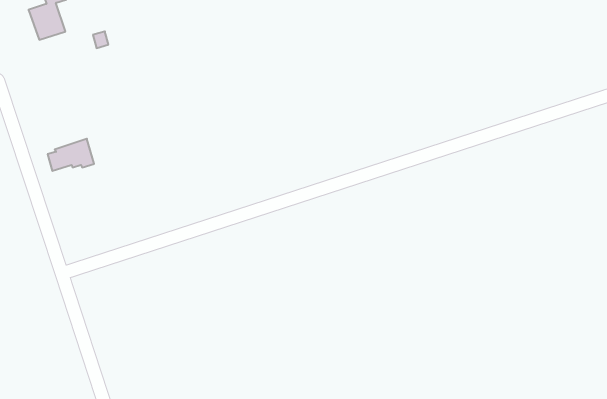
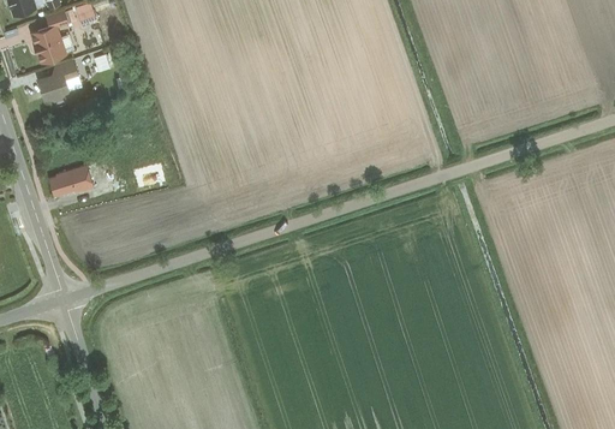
building: none -> [37,58,79,100]

